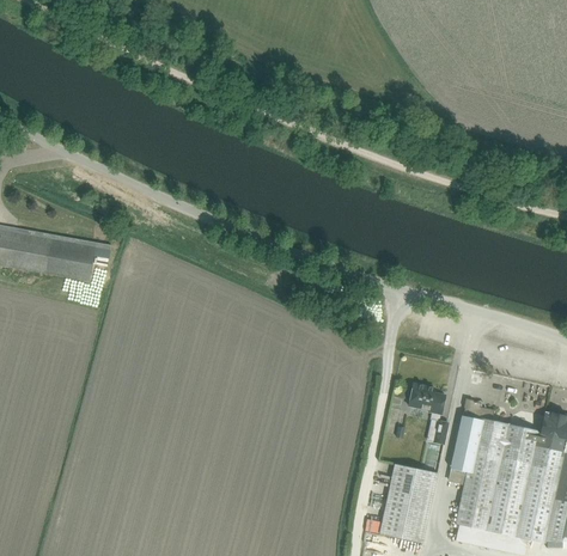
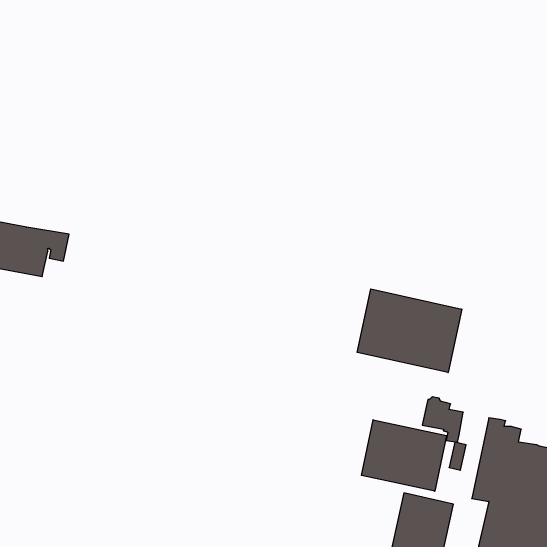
building: none -> [357,289,462,373]
building: none -> [361,420,446,491]

